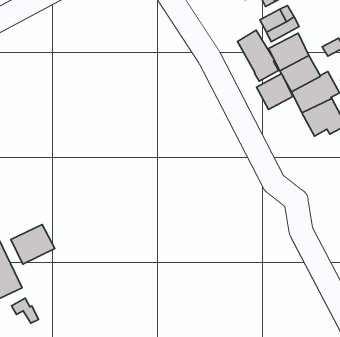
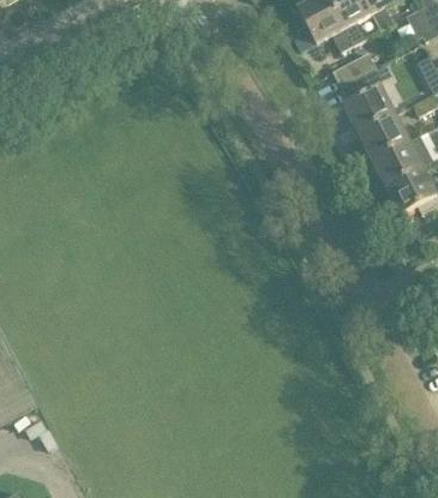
building: [238,30,279,81] -> none
building: [257,74,293,109] -> none
building: [11,225,55,264] -> none

